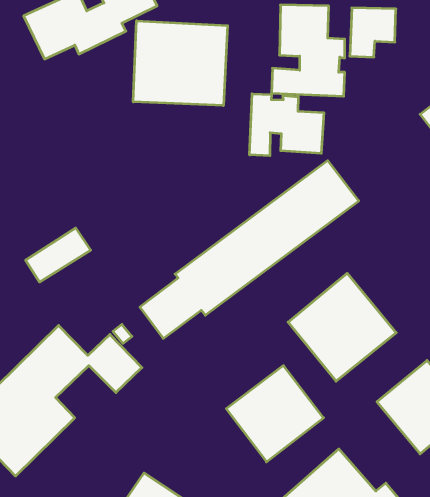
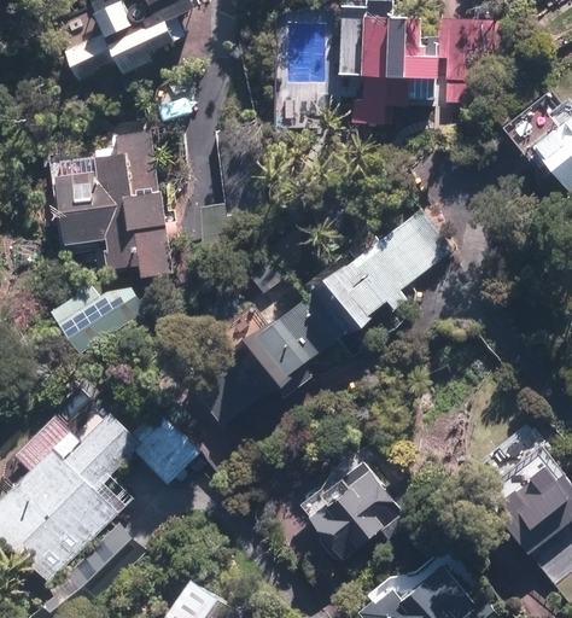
building: [133,21,228,106] -> none
building: [250,94,324,156] -> none
building: none -> [46,130,173,280]
building: [288,273,396,381] -> none

